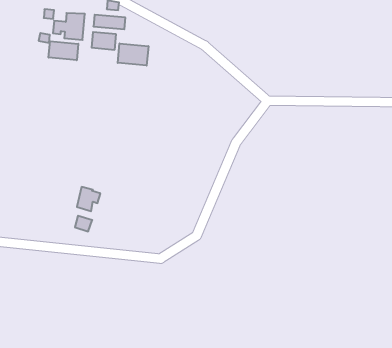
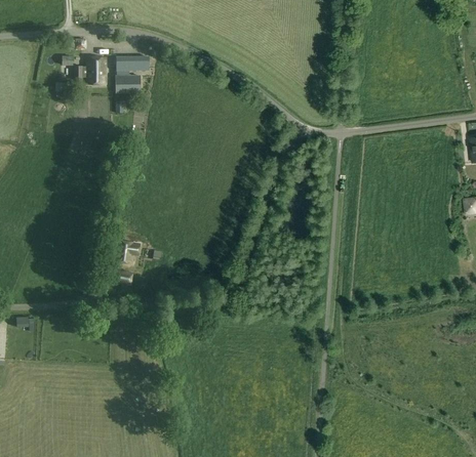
building: [49,41,78,60] -> none
building: [118,43,148,66] -> none

